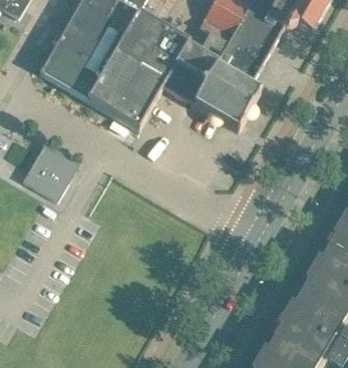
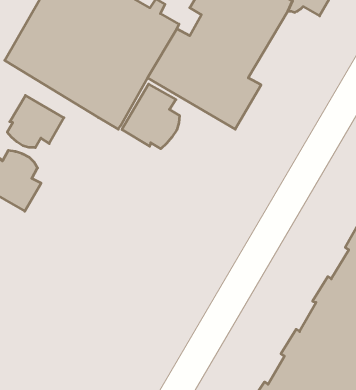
building: none -> [122,84,179,149]
building: none -> [7,95,64,148]

